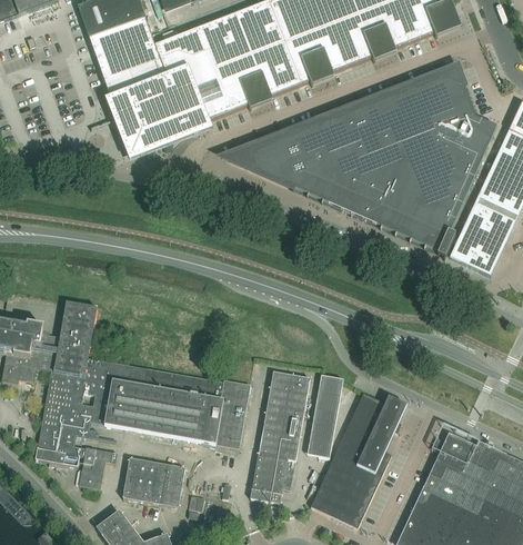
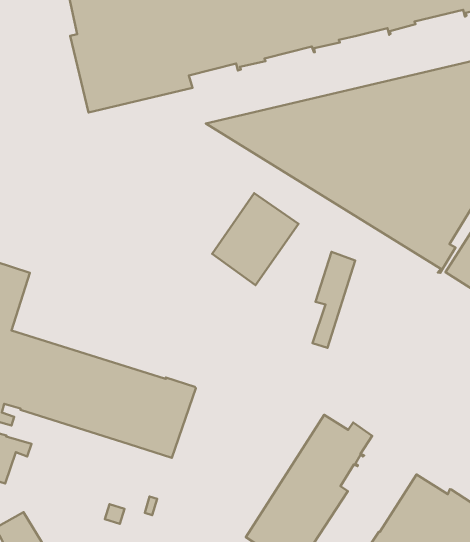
building: none -> [212,193,299,285]
building: [250,370,311,503] -> none
building: [313,375,342,457] -> [312,252,355,348]
building: [123,458,185,507] -> none

